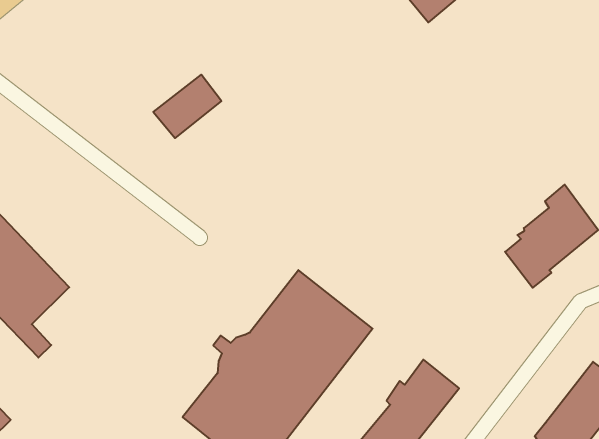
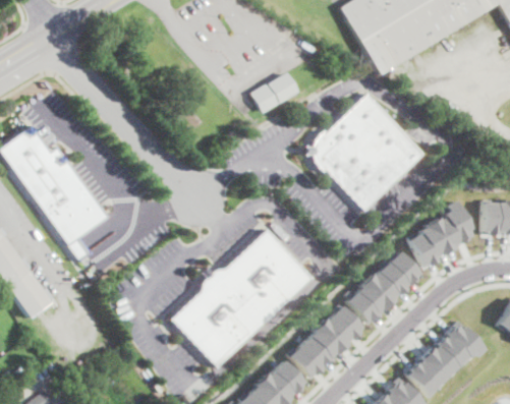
building: none -> [301,96,422,213]
building: [153,75,221,138] -> [251,73,299,114]
building: none -> [346,251,421,325]

